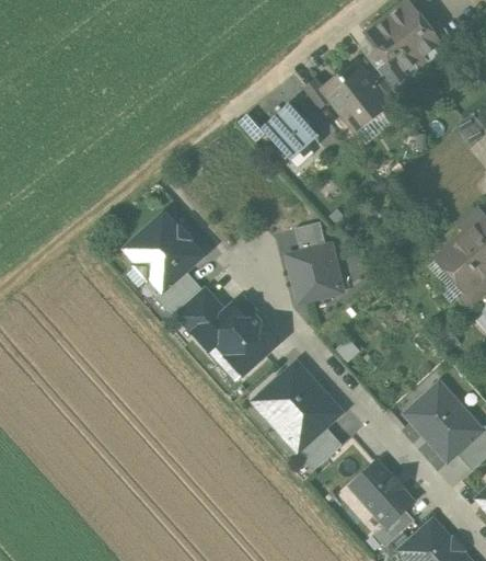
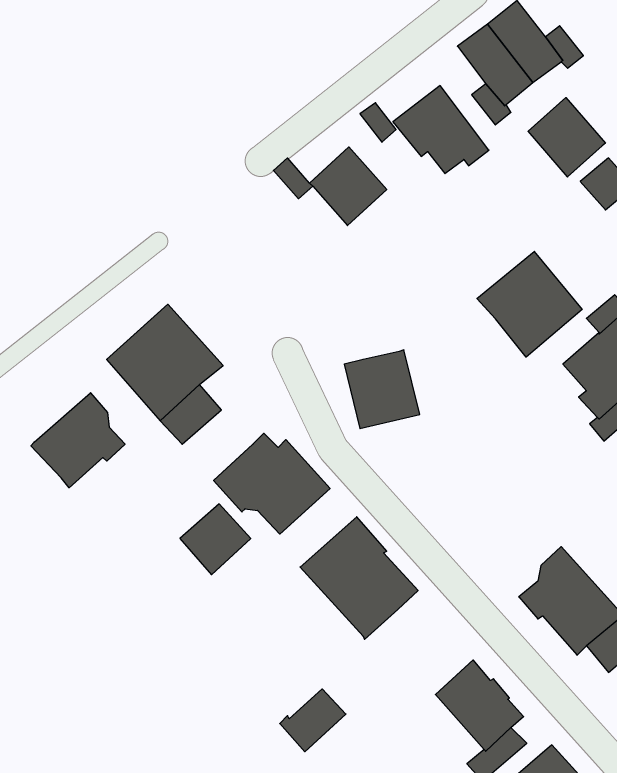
building: none -> [528,98,605,177]
building: none -> [477,251,582,357]
building: [293,220,325,252] -> none
building: none -> [31,393,125,488]
building: [174,287,223,336] -> [180,504,251,575]
building: [294,426,340,470] -> [280,689,346,752]

